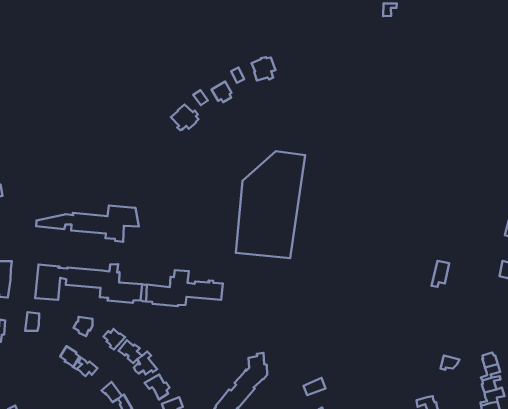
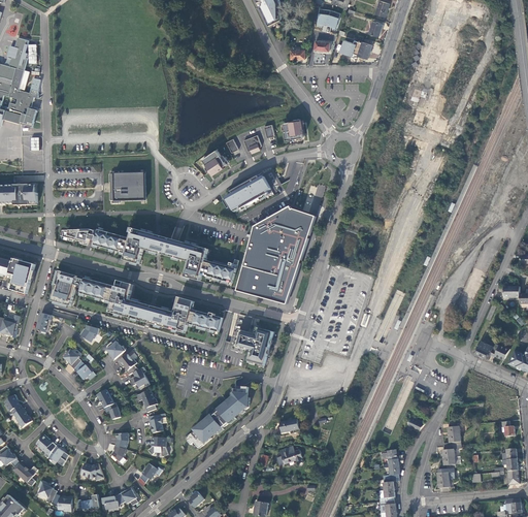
building: none -> [225,174,269,208]
building: none -> [108,169,144,201]
building: none -> [158,234,235,282]
building: none -> [233,325,273,364]

